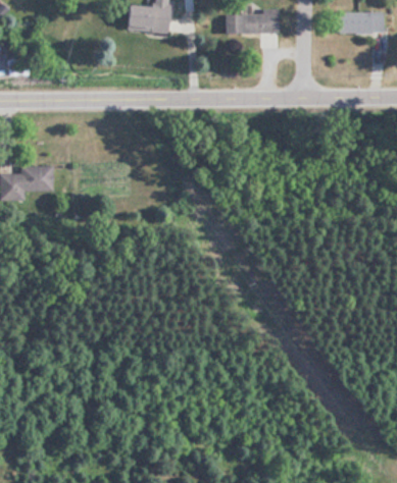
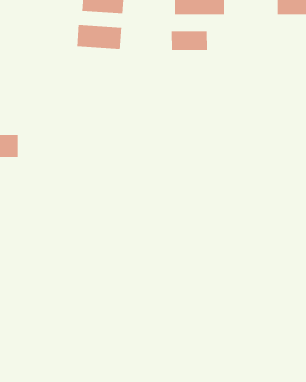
building: none -> [77,24,122,50]
building: none -> [171,30,207,51]

